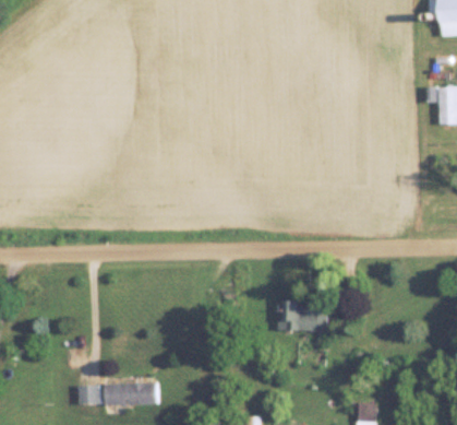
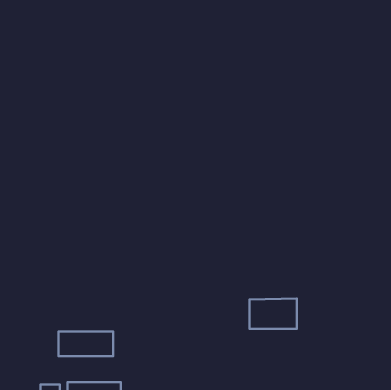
building: none -> [58,332,113,356]

